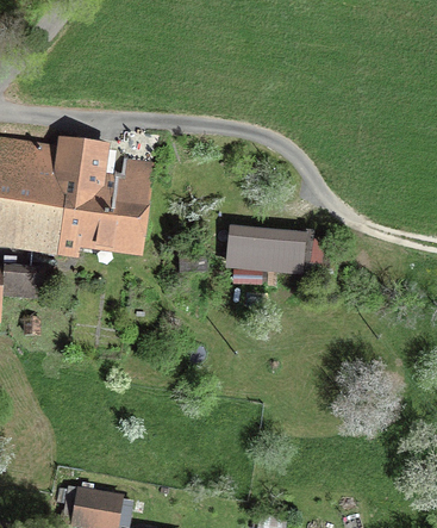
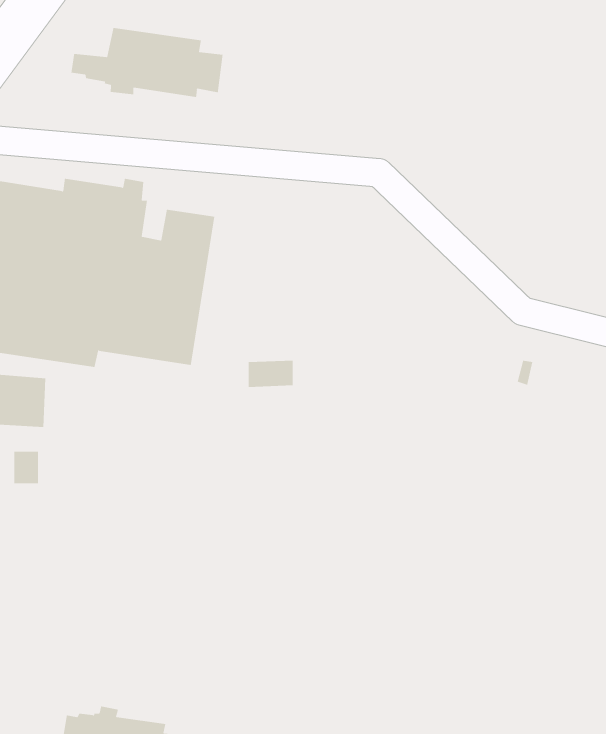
building: none -> [71,27,223,98]
building: [225,224,325,277] -> none

